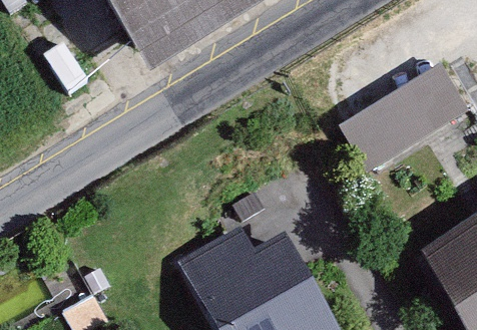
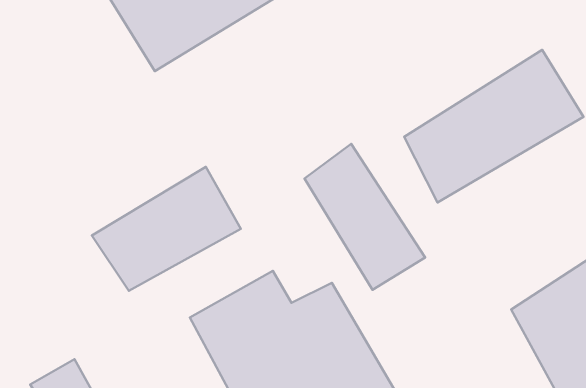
building: none -> [305,144,425,290]
building: none -> [92,167,241,291]

